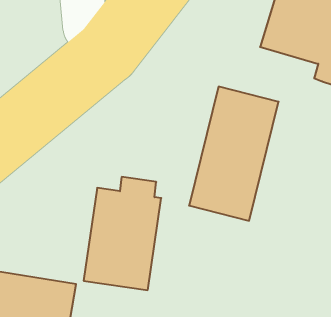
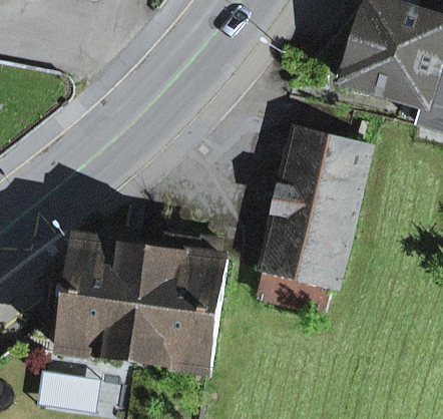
building: none -> [57,224,149,356]

